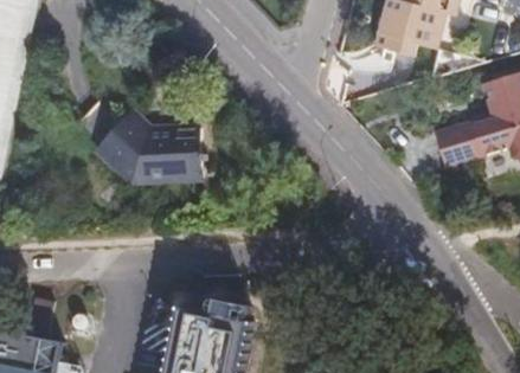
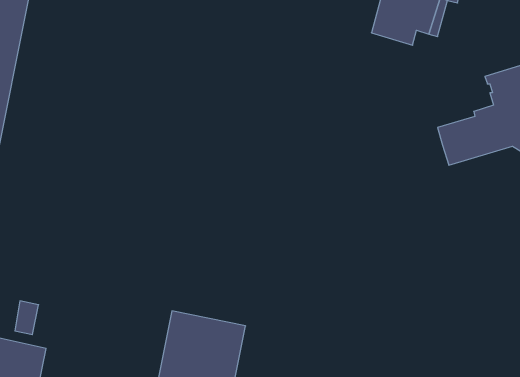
building: [92,109,194,184] -> none

